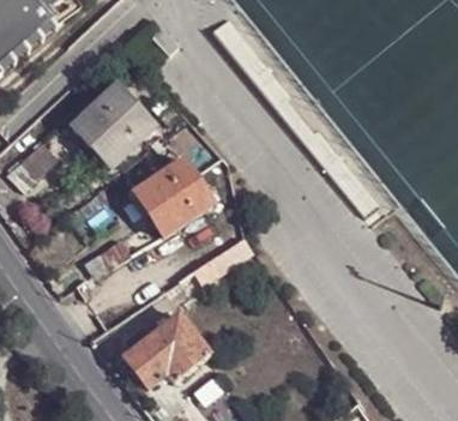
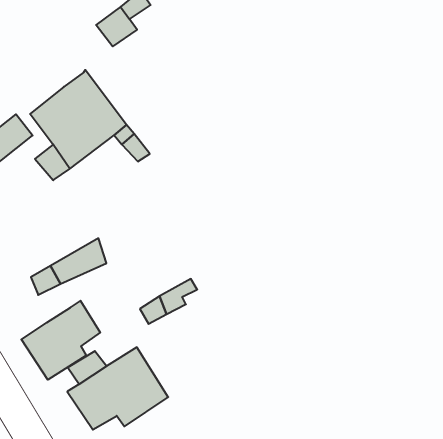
building: [133,160,212,237] -> none
building: none -> [21,301,100,380]

